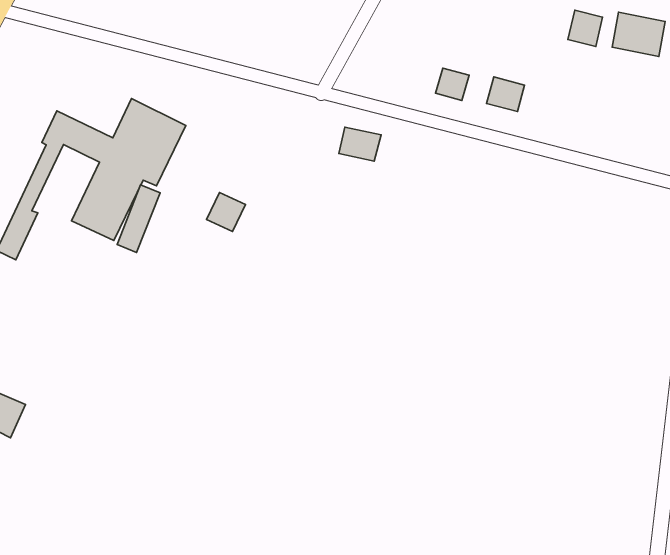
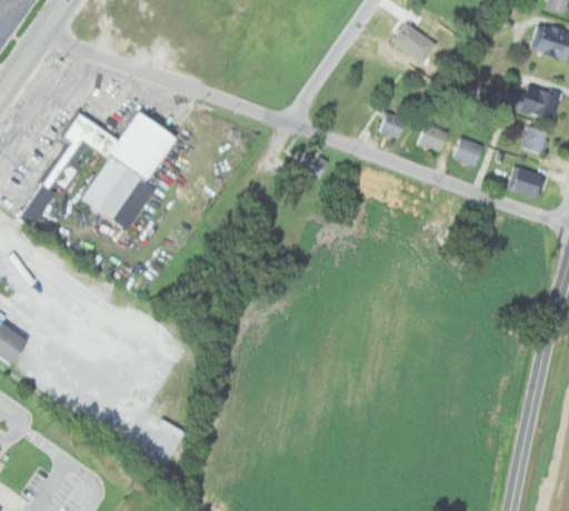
building: [568,10,603,46] -> [520,126,549,156]
building: none -> [451,138,481,167]
building: none -> [505,166,542,199]
building: [206,193,245,231] -> none

